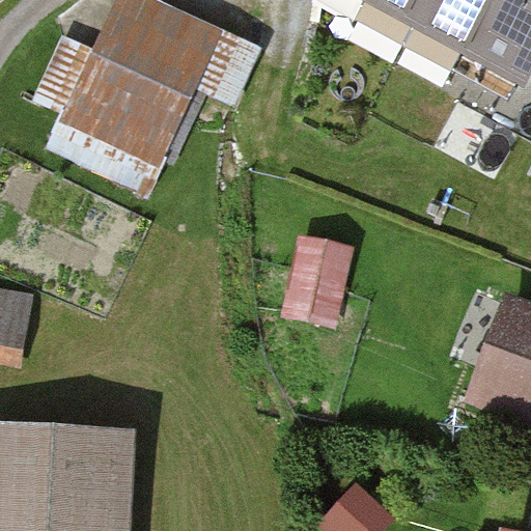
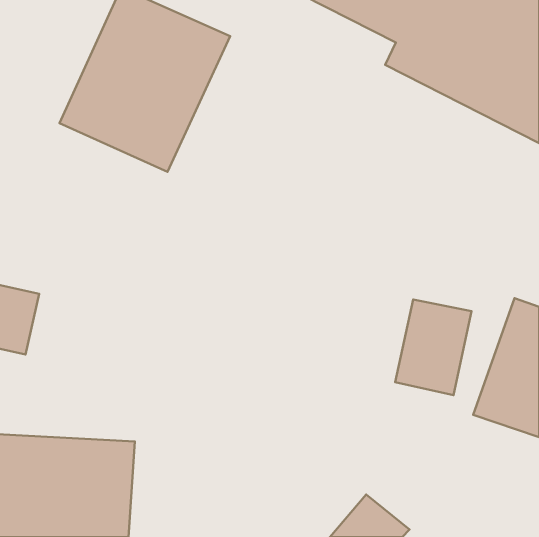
building: [284,232,359,326] -> [395,299,472,395]

